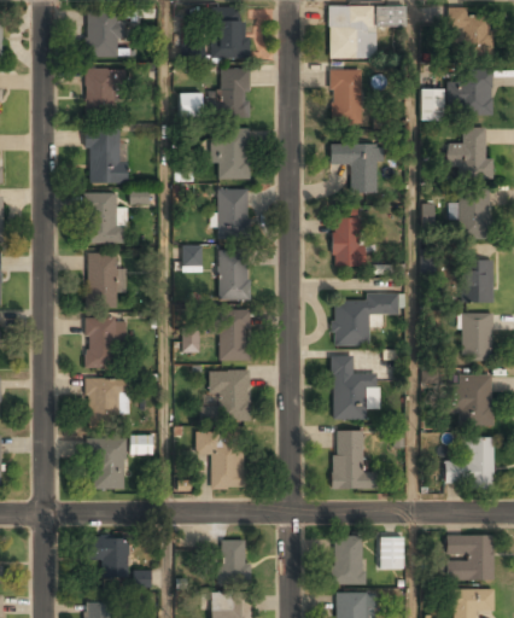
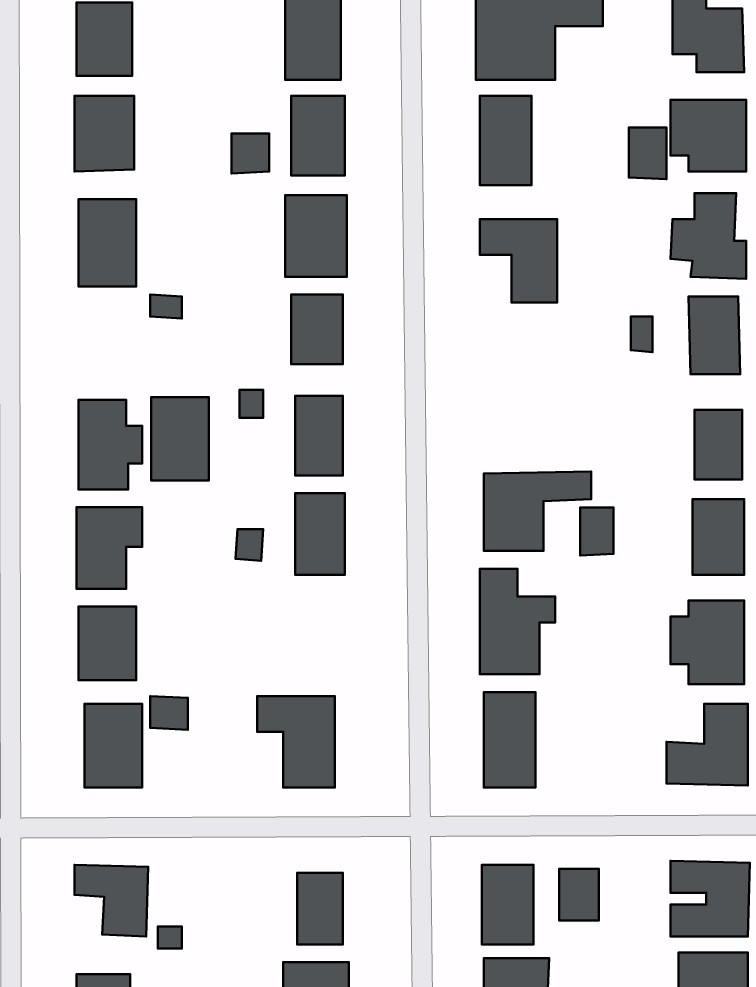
building: [86,193,121,244] -> [151,397,209,481]
building: [335,216,366,267] -> none
building: none -> [580,507,614,556]
building: [203,369,250,421] -> none

